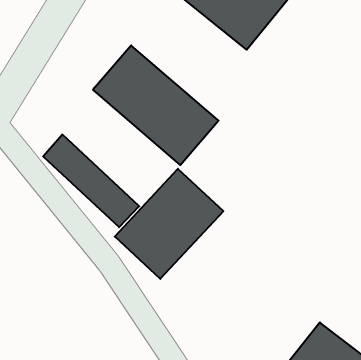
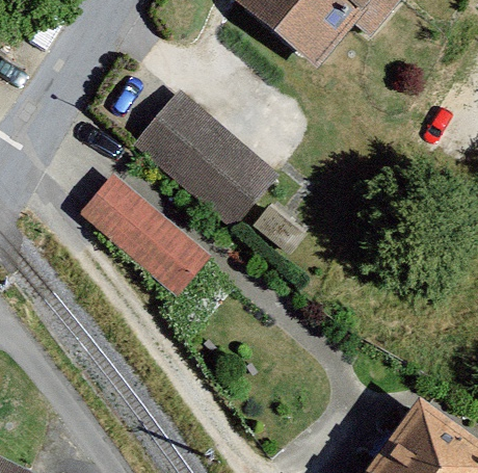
building: [115,169,223,279] -> none

